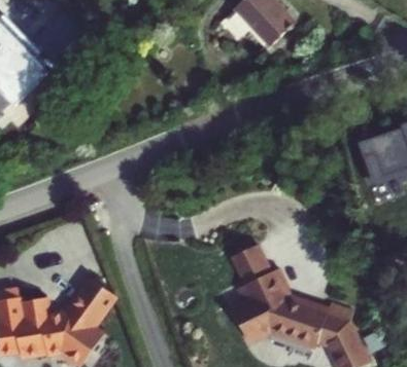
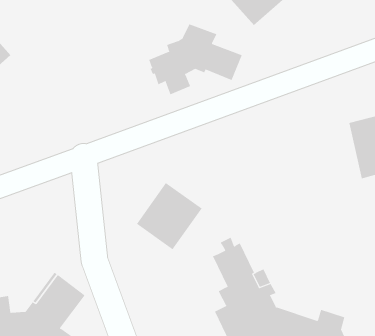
building: none -> [149,23,242,95]
building: none -> [136,182,202,250]

